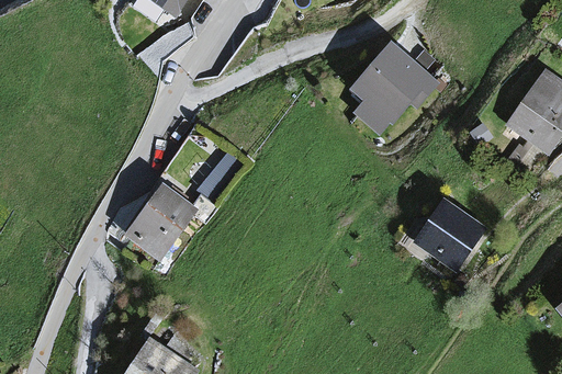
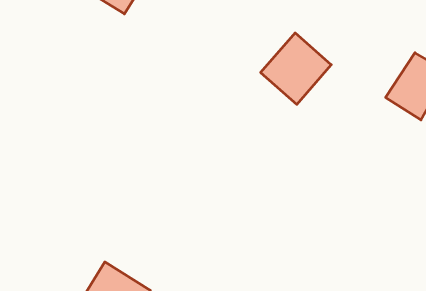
building: [124,186,194,262] -> none
building: [413,199,484,270] -> none

